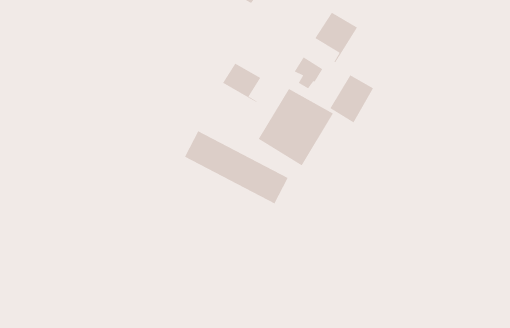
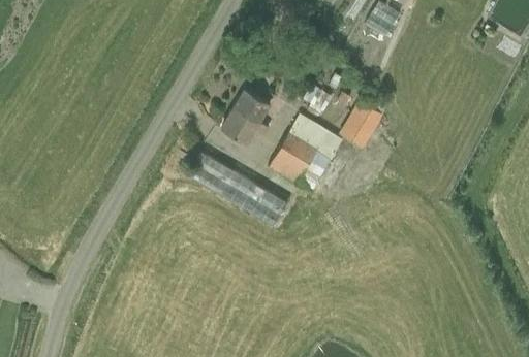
building: [315,12,358,63] -> none
building: none -> [220,109,266,144]

